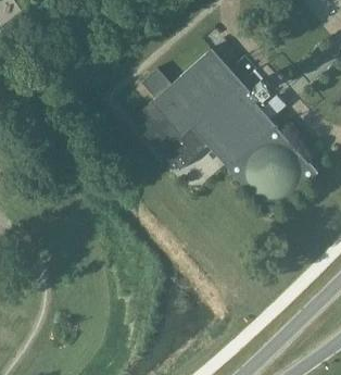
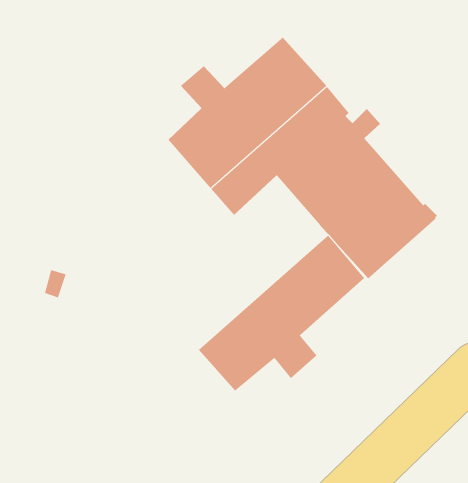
building: none -> [198,235,365,392]

